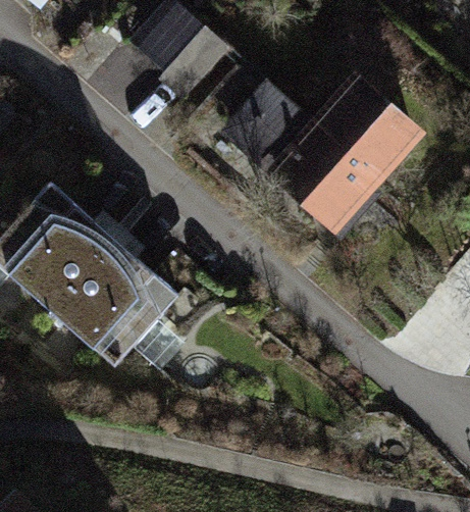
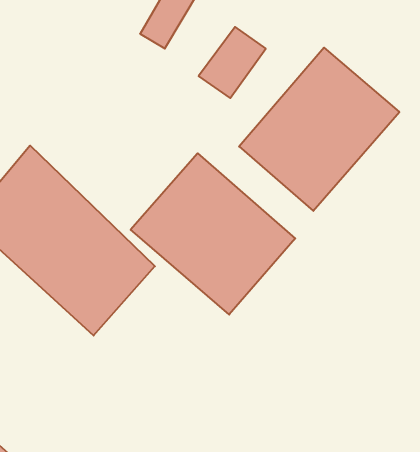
building: none -> [131,153,295,315]

